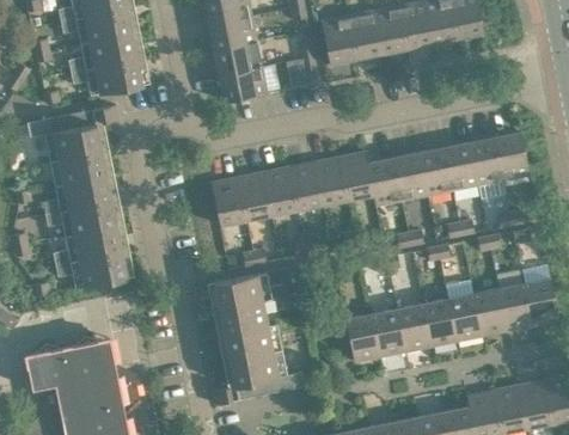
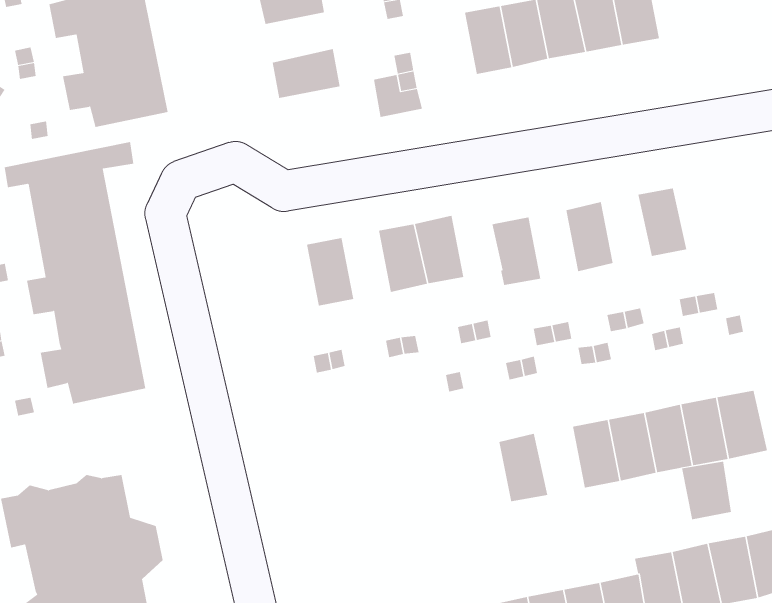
building: [209,14,257,49] -> none
building: [320,14,356,62] -> none
building: [219,66,267,100] -> none
building: [494,130,530,179] -> none
building: [443,141,478,189] -> none
building: [339,151,374,198] -> none
building: [393,152,427,200] -> none
building: [263,166,296,214] -> none
building: [212,176,246,225] -> none
building: [213,271,305,403] -> none
building: [397,302,432,350] -> none
building: [345,313,380,361] -> none
building: none -> [682,461,731,520]

